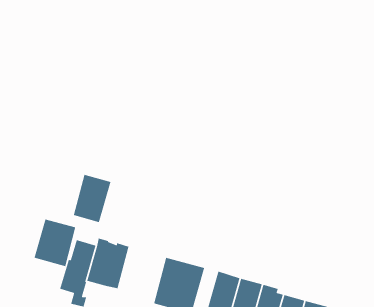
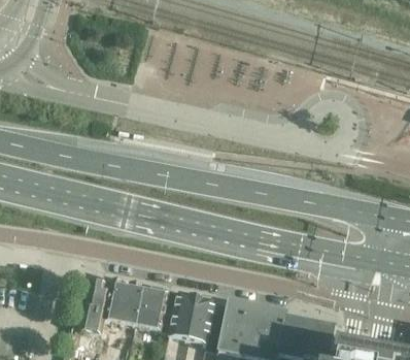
building: [73,174,112,223] -> [136,289,170,334]
building: [33,218,76,267] -> none

